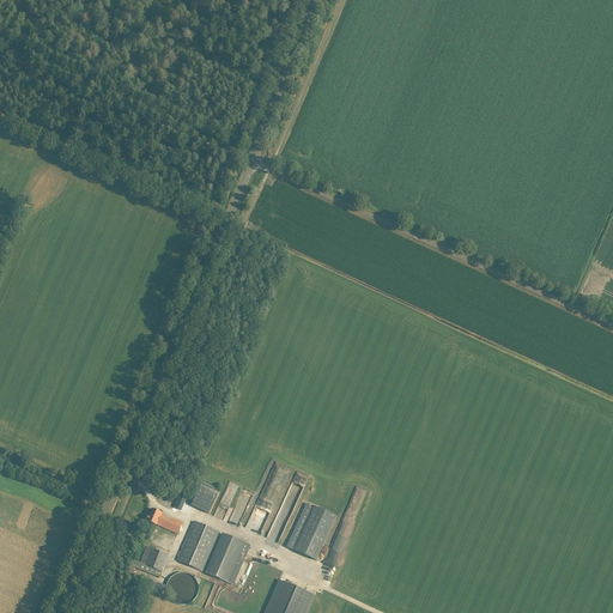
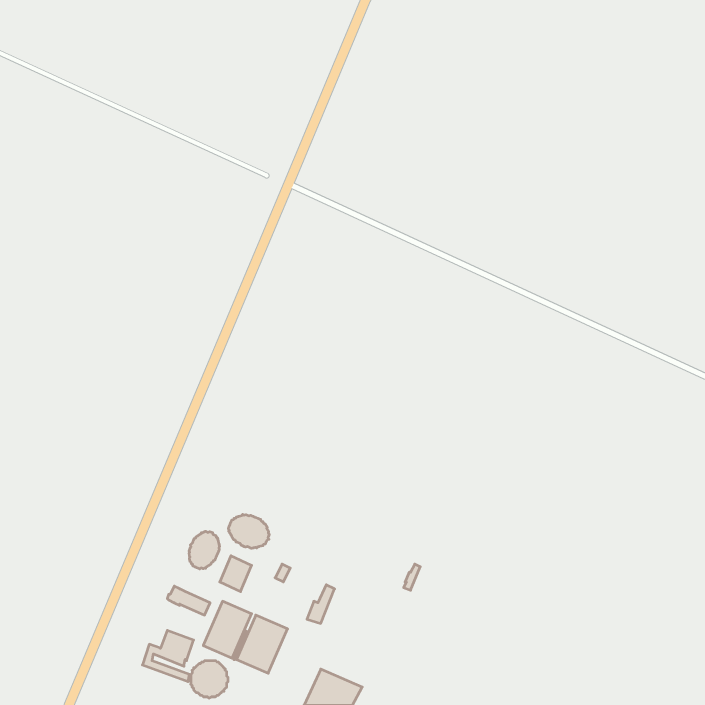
building: none -> [228,514,269,548]
building: none -> [189,531,219,569]
building: [286,503,335,559] -> none

